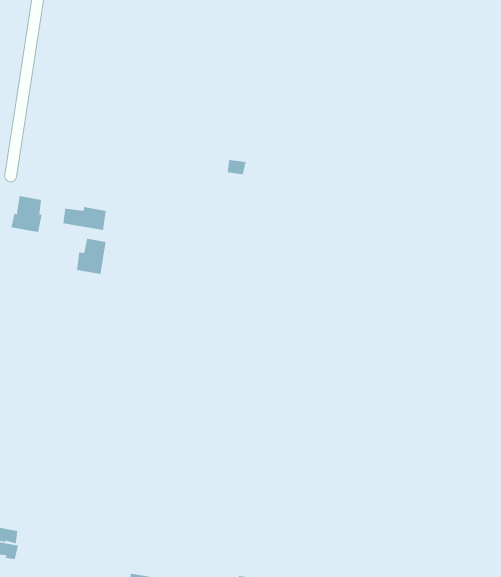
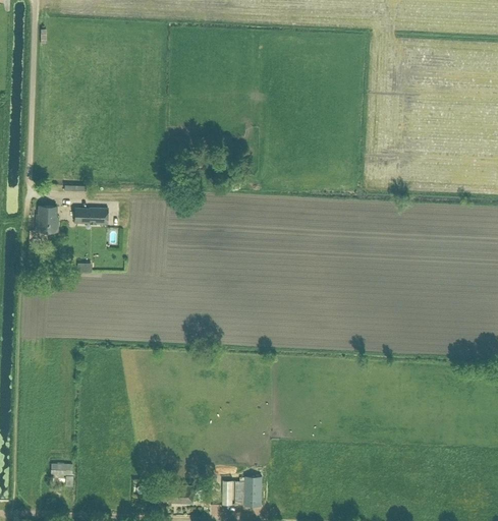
building: [77,238,106,275] -> none

